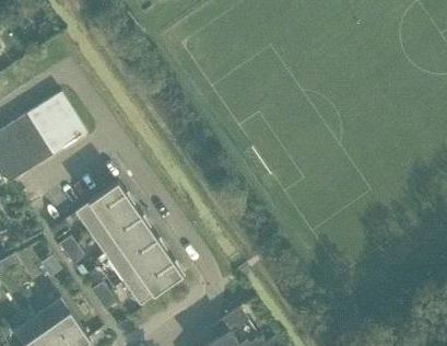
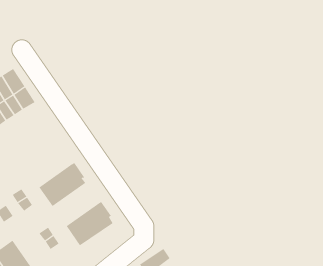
building: [75,182,131,235] -> none
building: [107,229,164,281] -> none

